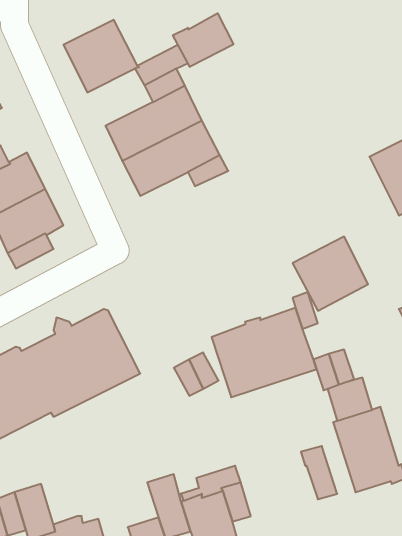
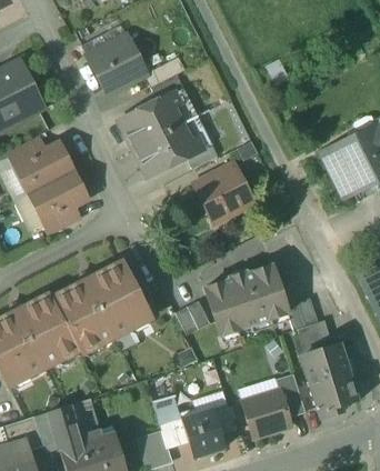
building: [173,13,233,67] -> none
building: [293,237,368,311] -> [193,163,253,222]
building: none -> [241,390,291,438]
building: none -> [69,399,98,437]

